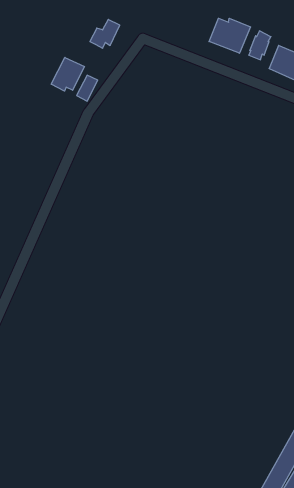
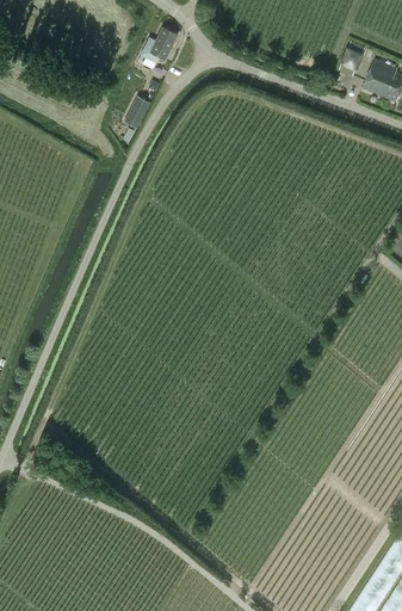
building: [209,18,250,53] -> none
building: [51,57,84,91] -> none

